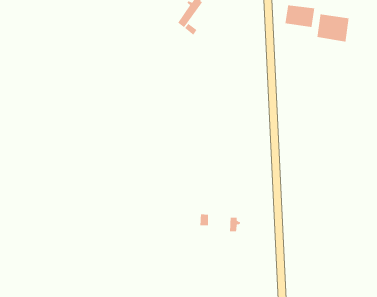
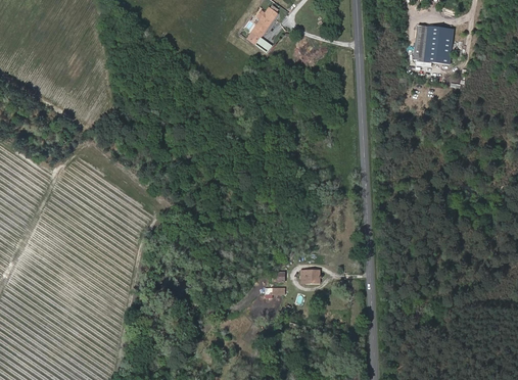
building: [285,4,315,28] -> none

